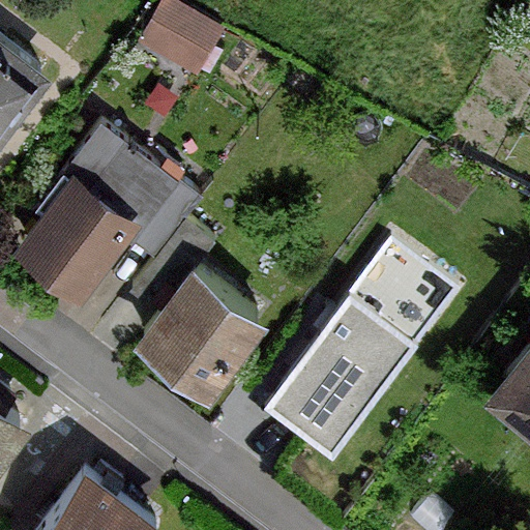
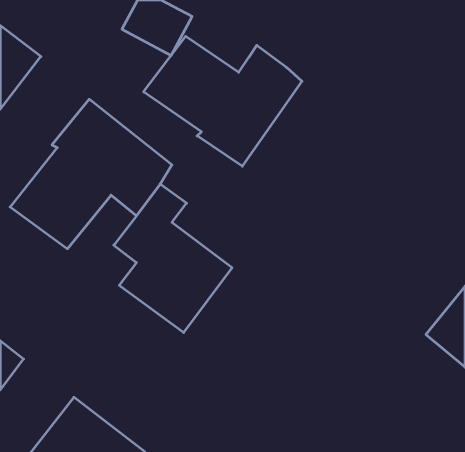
building: none -> [144,36,302,166]
building: [264,248,455,463] -> none

